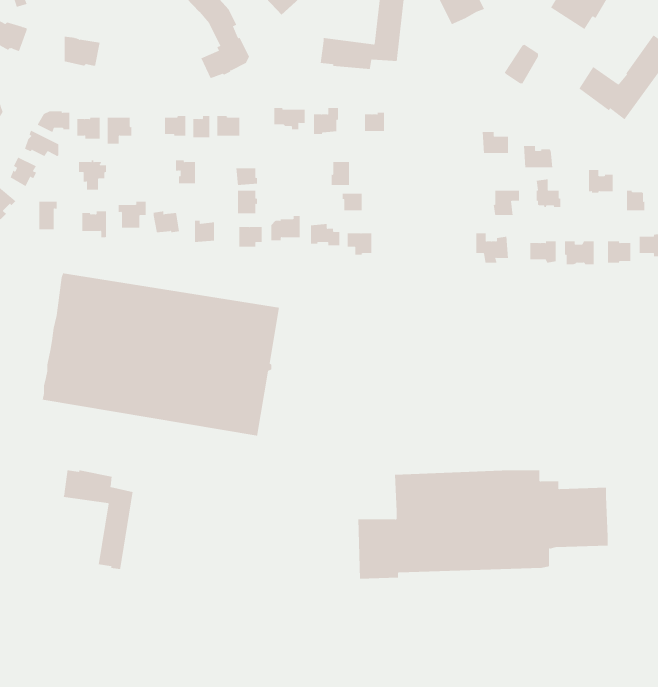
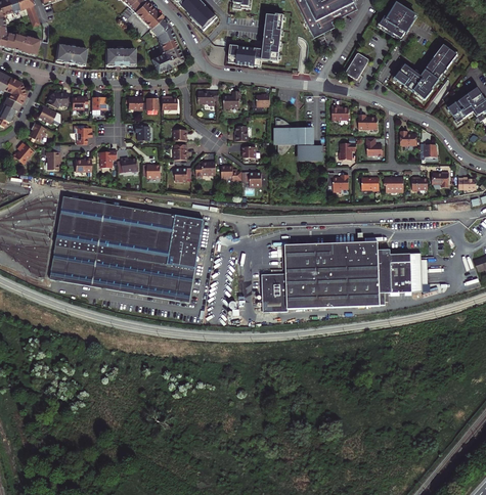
building: none -> [104,48,134,64]
building: none -> [274,119,322,162]
building: [63,469,133,570] -> none
building: [358,470,609,579] -> [260,242,422,313]

